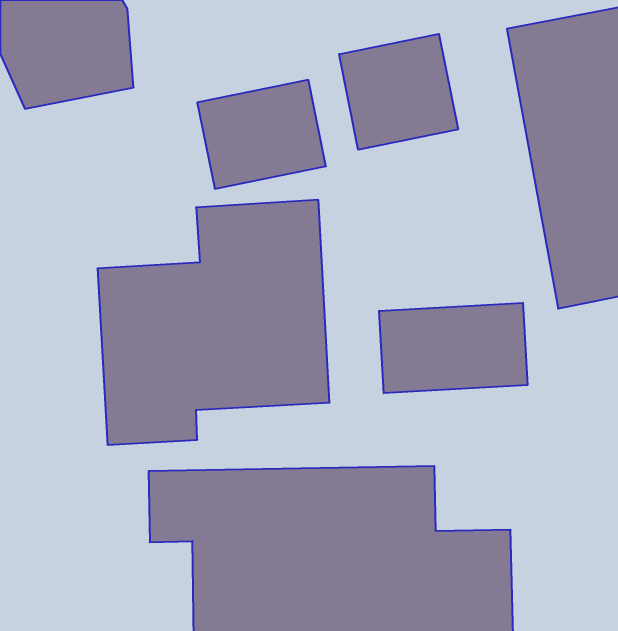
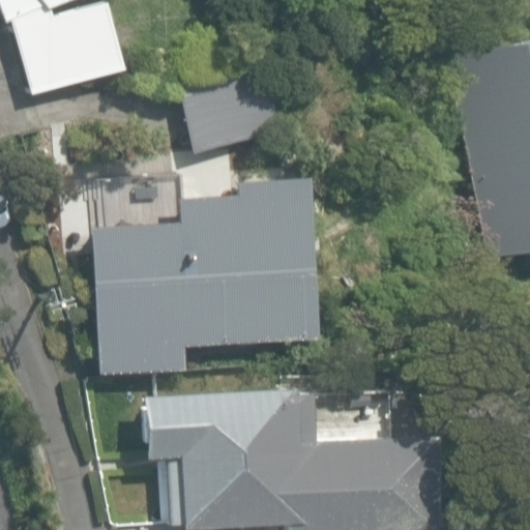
building: [339,34,458,150] -> none
building: [379,303,528,393] -> none

